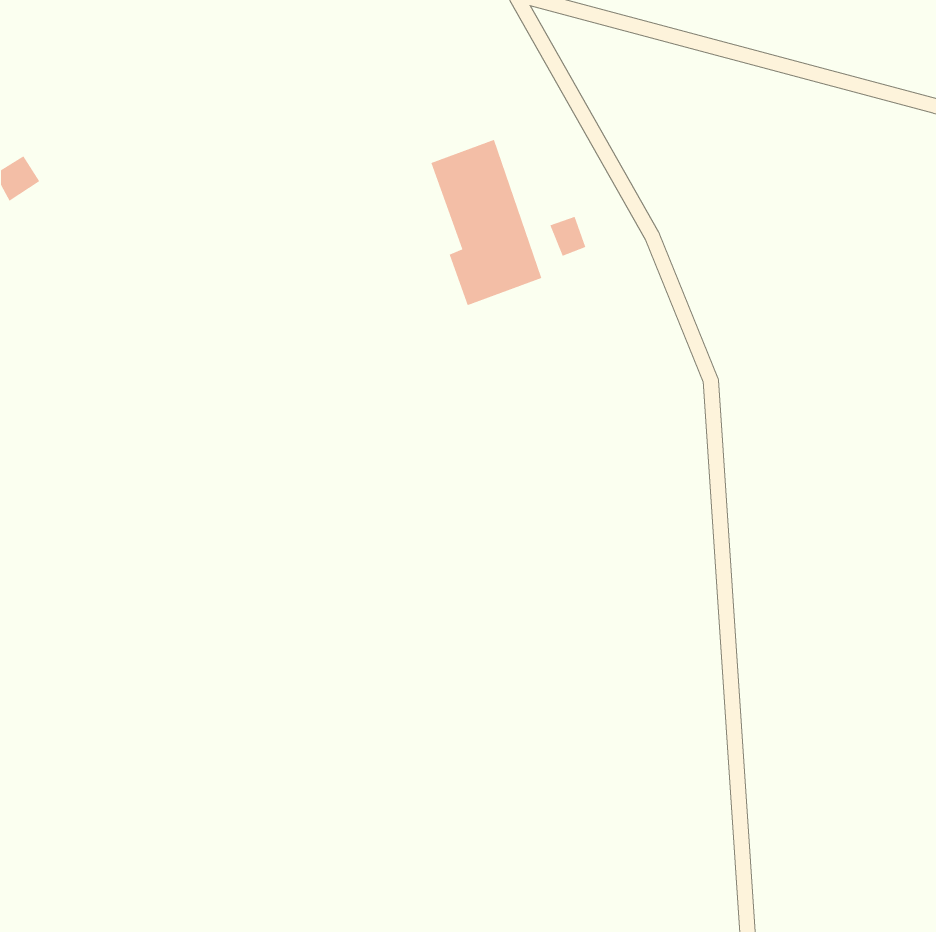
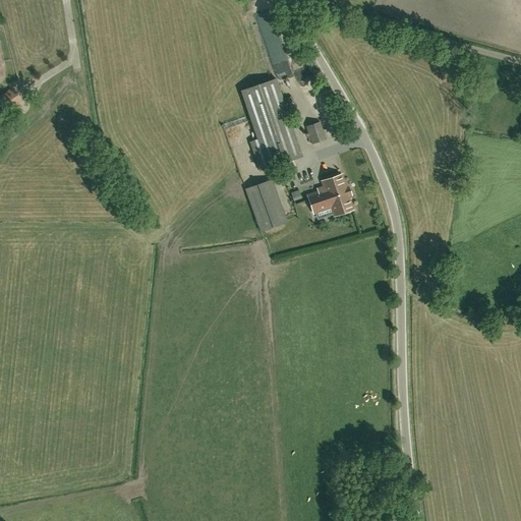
building: none -> [307,173,353,214]
building: none -> [245,179,287,230]

